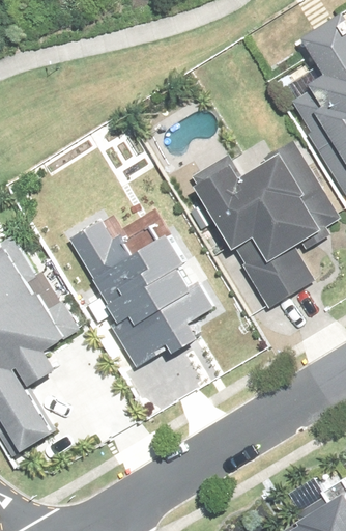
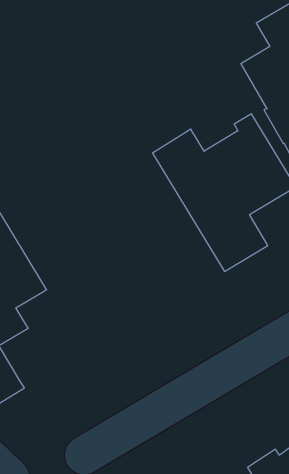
building: [65,215,214,372] -> none

